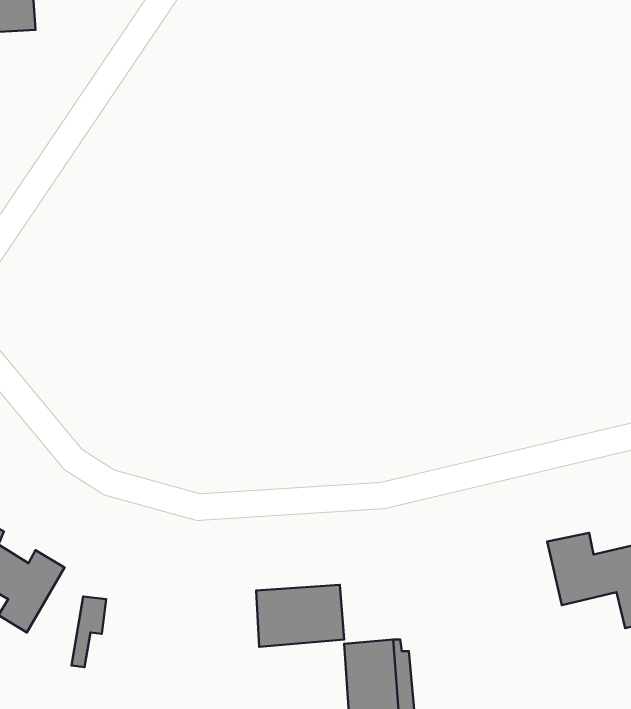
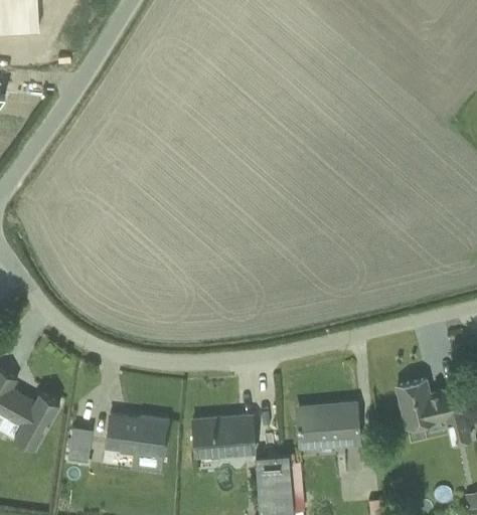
building: none -> [296,403,360,451]
building: none -> [105,415,168,471]

